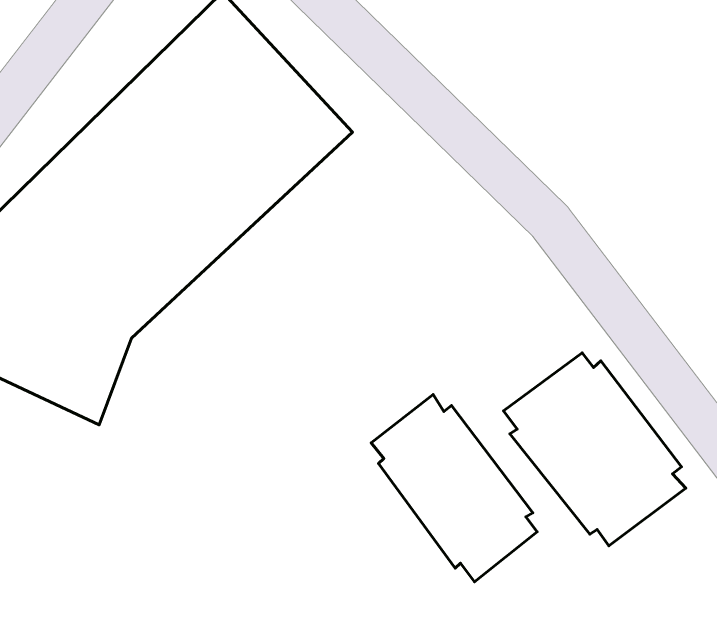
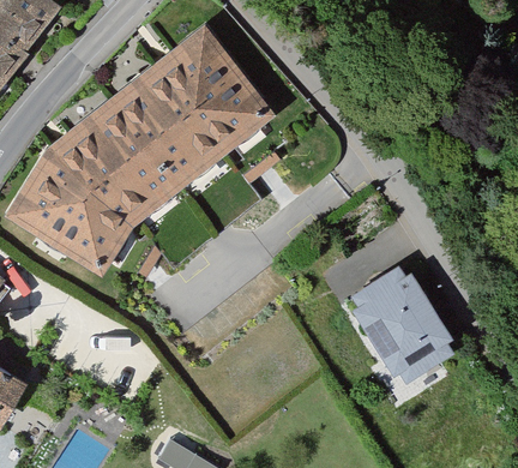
building: [371,395,537,582] -> none

